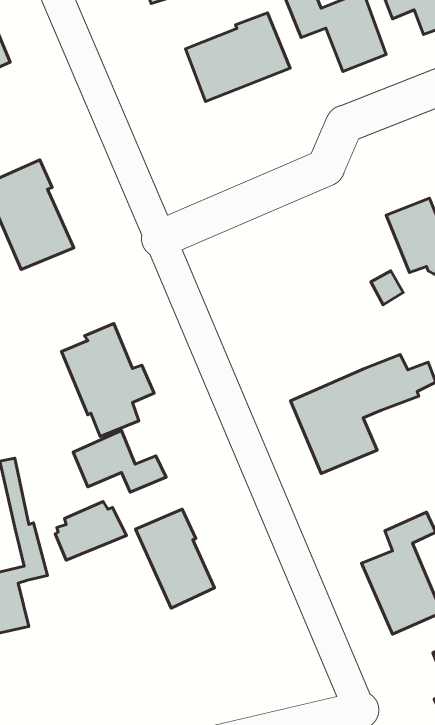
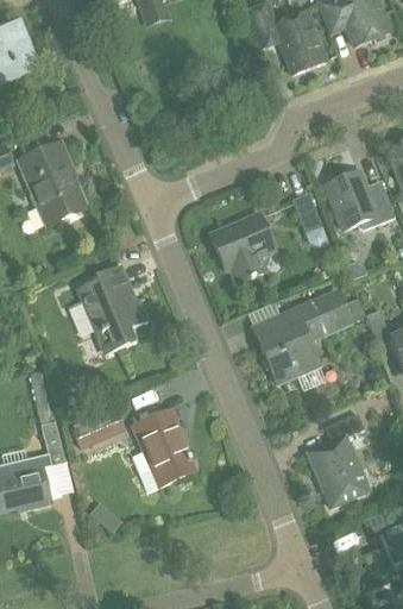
building: [186,13,290,101] -> none
building: none -> [292,192,323,232]
building: none -> [210,212,276,282]
building: [73,430,166,492] -> none

